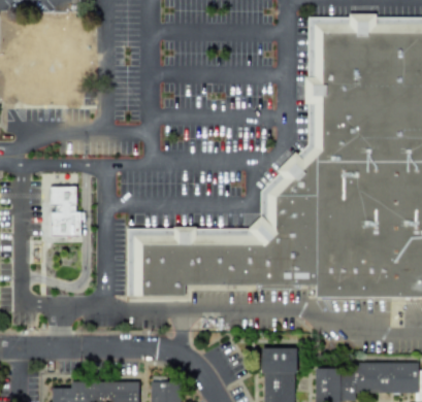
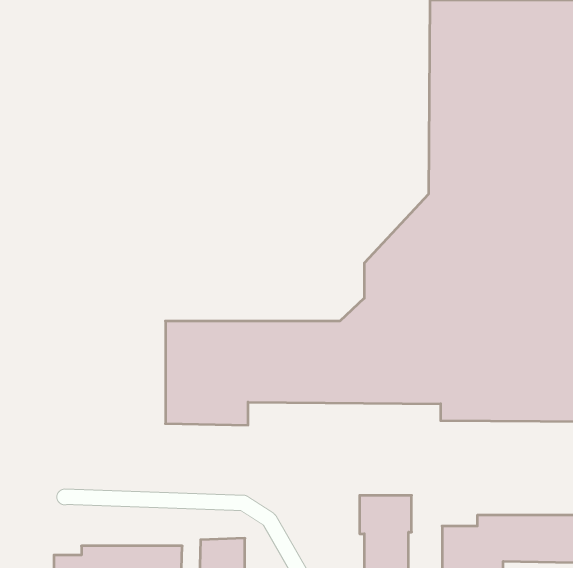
building: [52,188,83,238] -> none

